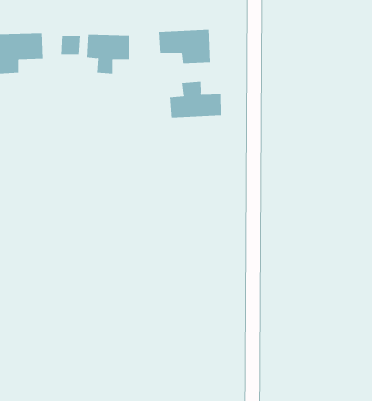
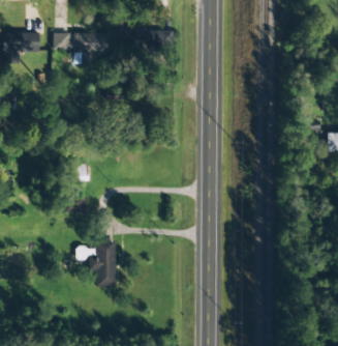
building: [170,81,221,118] -> none
building: none -> [87,239,116,286]

